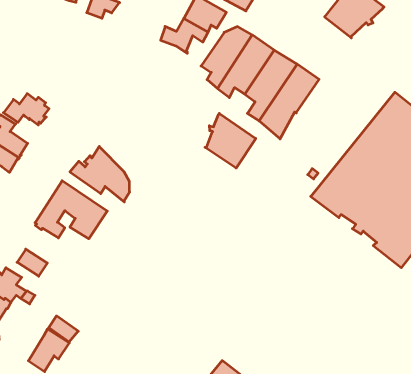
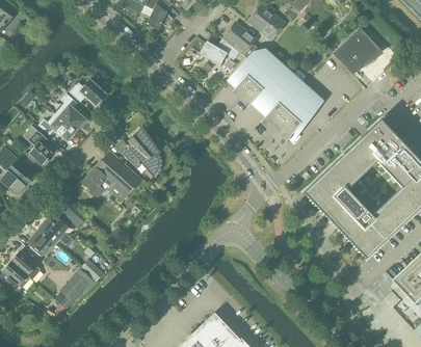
building: [205,113,256,168] -> none

